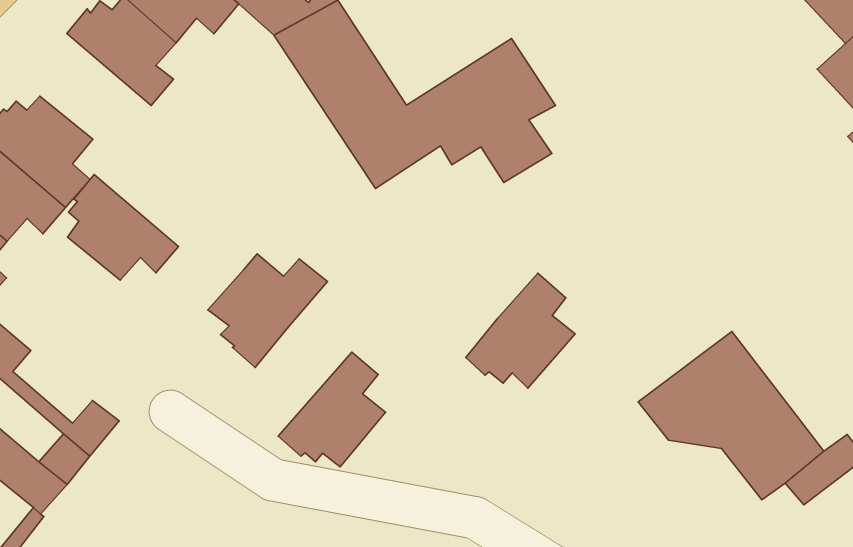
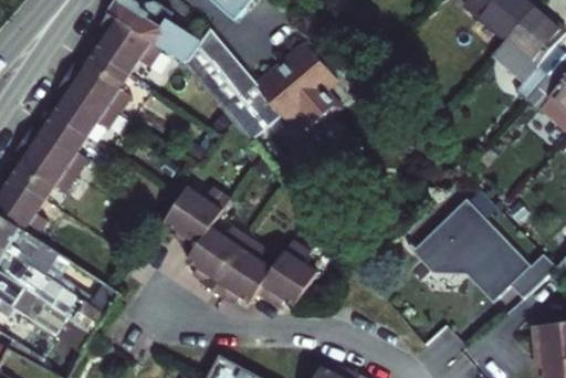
building: [67,174,178,280] -> [52,76,117,135]
building: [466,273,575,388] -> [256,242,317,308]
building: none -> [188,228,249,292]

